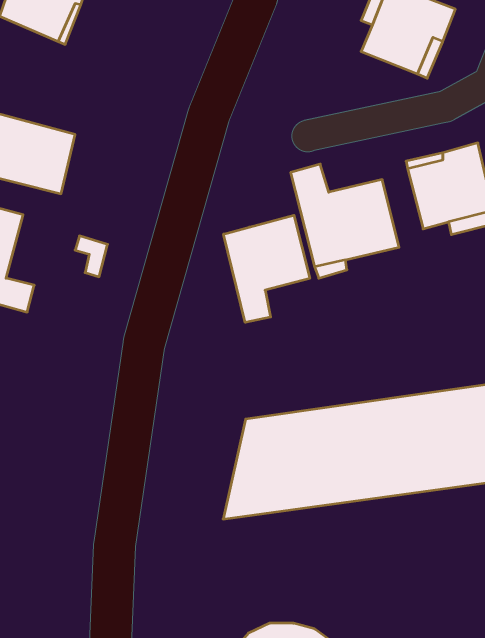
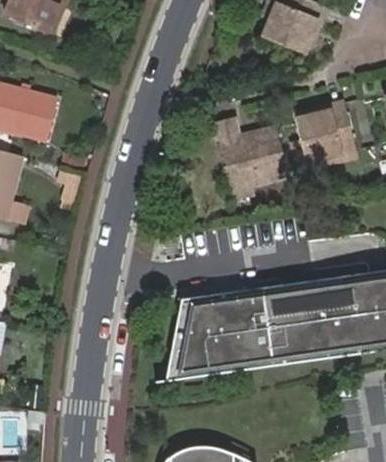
building: [224,215,310,322] -> none

